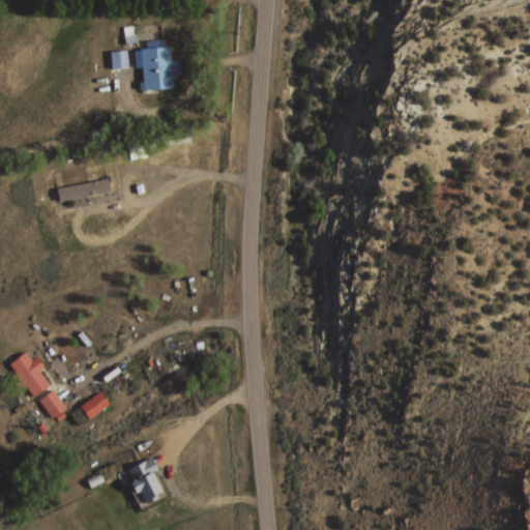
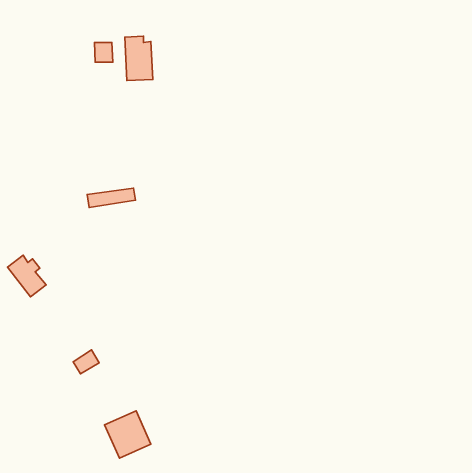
building: [55,180,109,202] -> [87,188,135,207]
building: [8,352,52,399] -> [7,255,46,297]
building: [40,390,68,419] -> none

